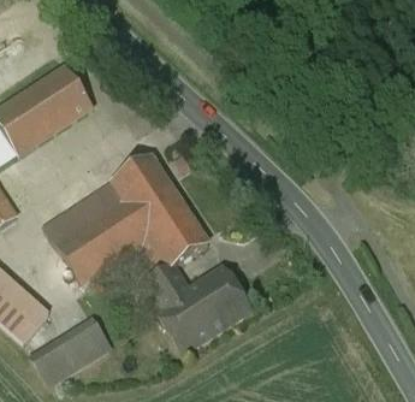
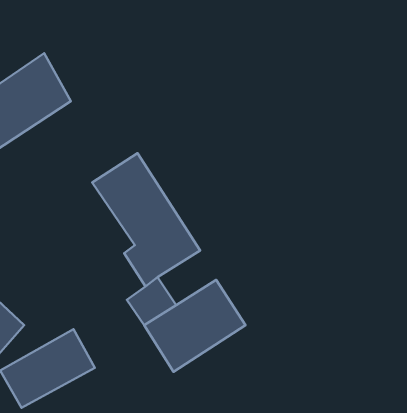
building: [42,181,149,283] -> none

